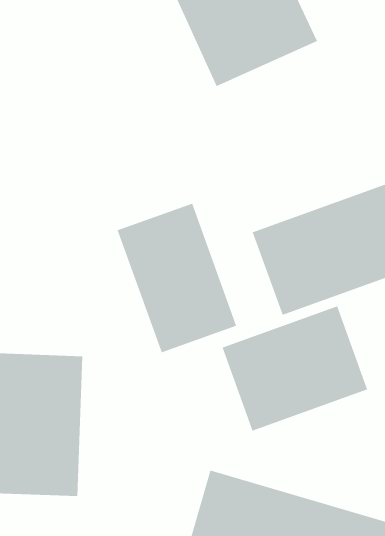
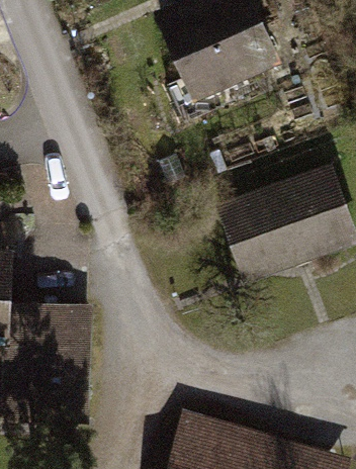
building: [117,203,237,353] -> none
building: [222,306,368,432] -> none

